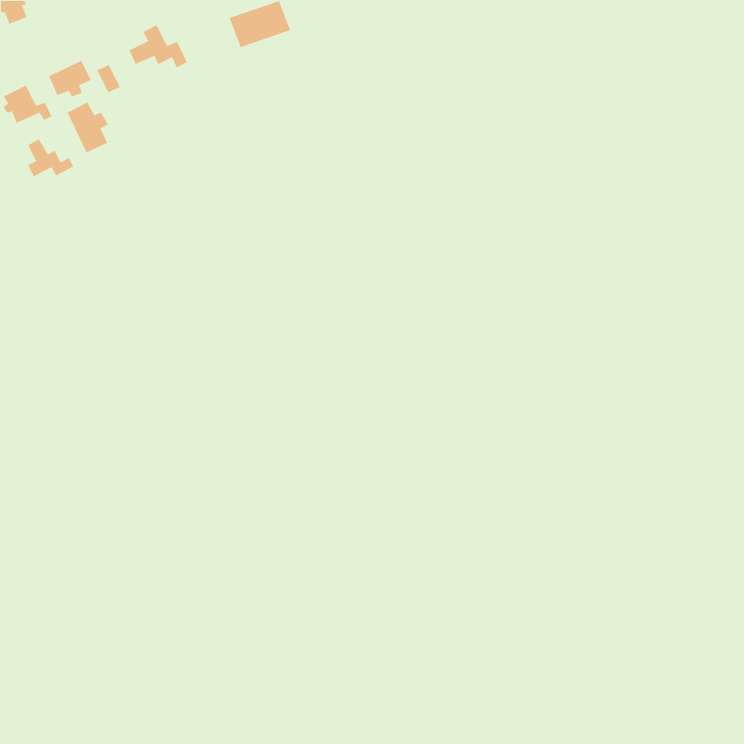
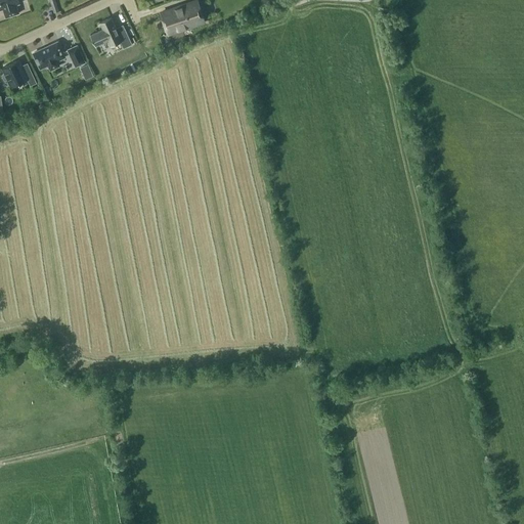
building: [66,101,109,153] -> none
building: [27,138,74,179] -> none

